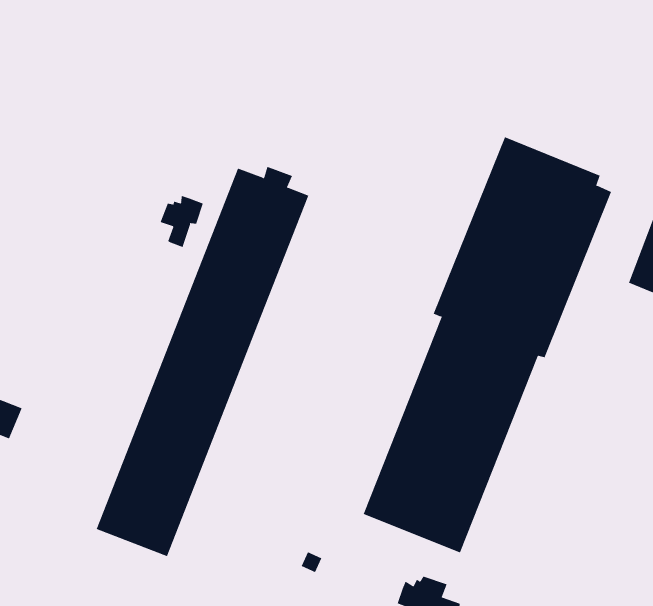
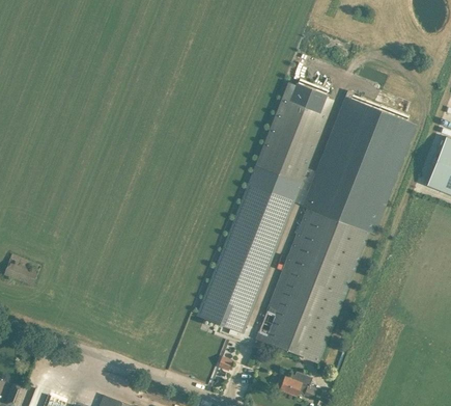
building: [96,166,309,557] -> [196,83,332,332]
building: [160,195,204,248] -> none

